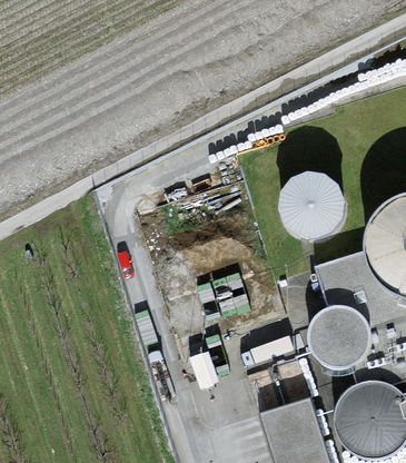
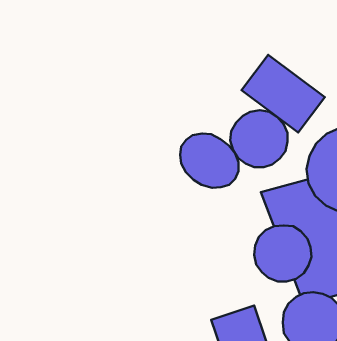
building: none -> [242,55,325,133]
building: none -> [180,133,239,188]

